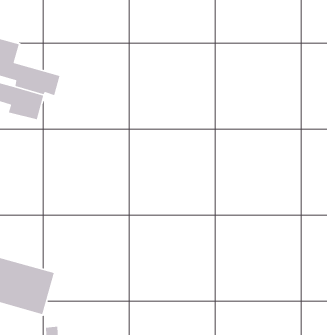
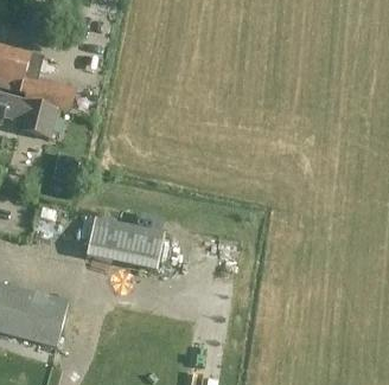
building: none -> [84,216,161,268]

